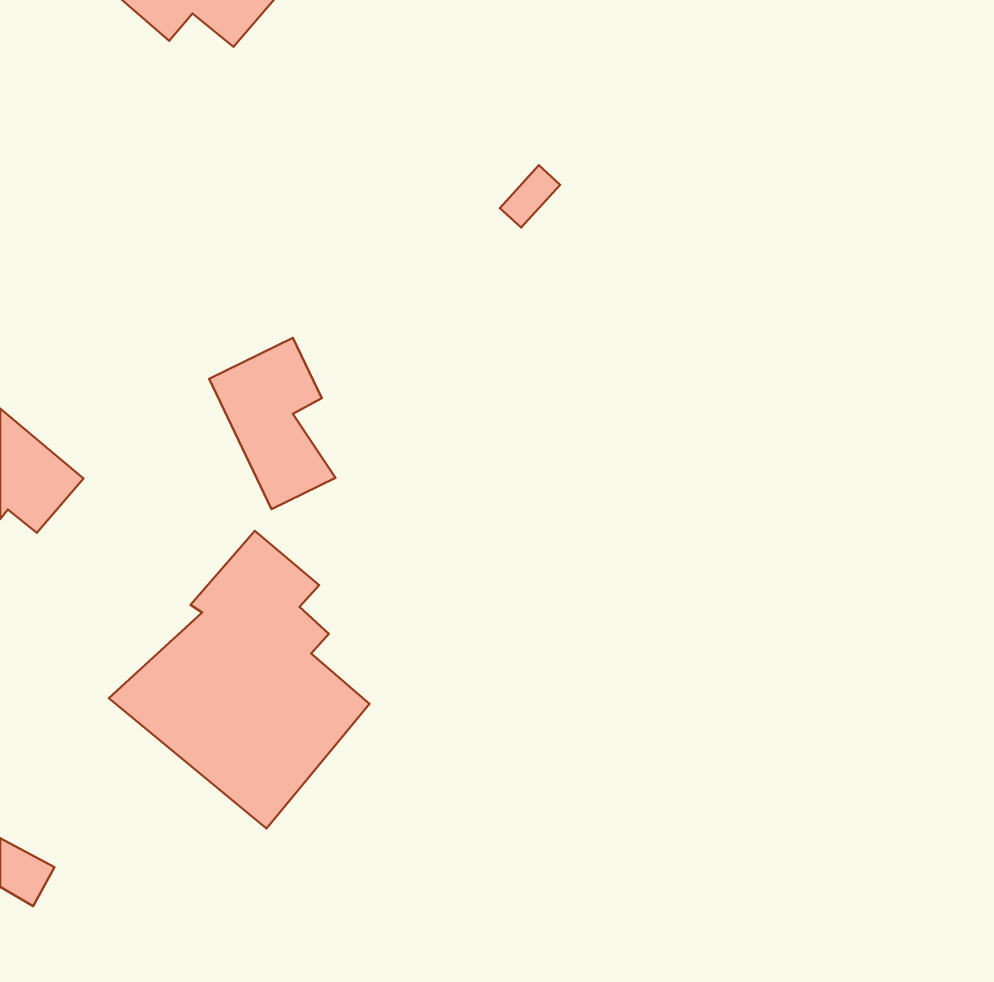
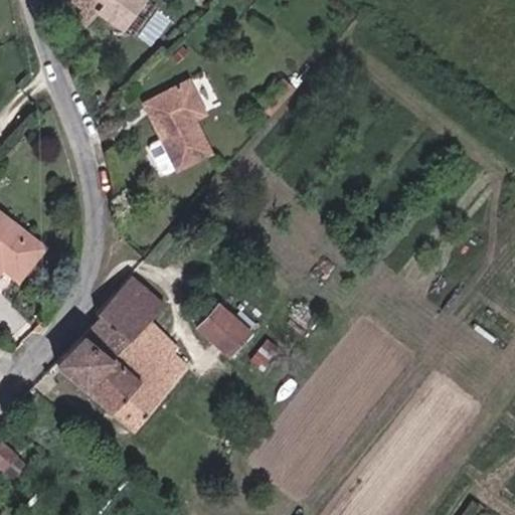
building: [209,338,336,509] -> [143,85,208,174]
building: none -> [201,307,250,355]

